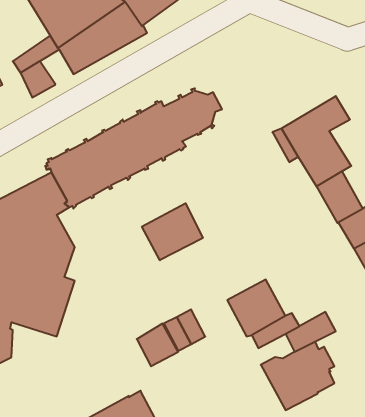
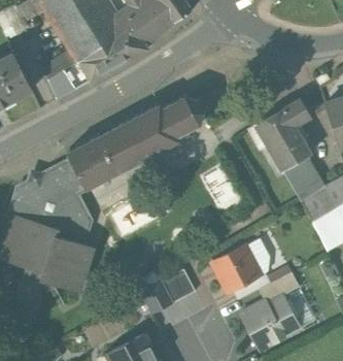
building: [142,203,203,260] -> none

